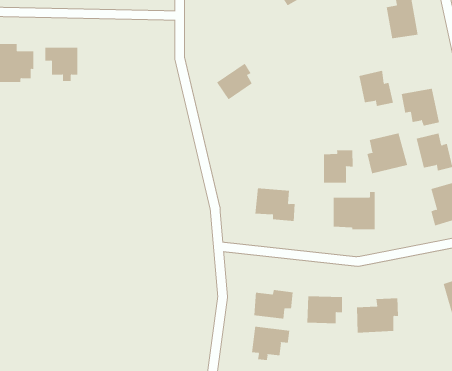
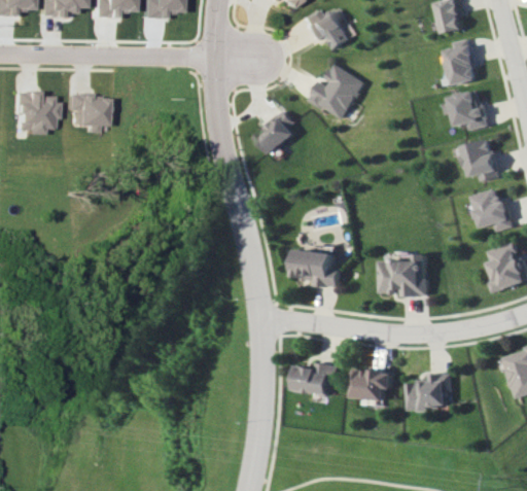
building: none -> [307,63,364,119]
building: [358,70,394,107] -> [451,90,490,130]
building: [367,133,408,174] -> none
building: [324,150,353,184] -> none
building: [252,326,290,361] -> none

